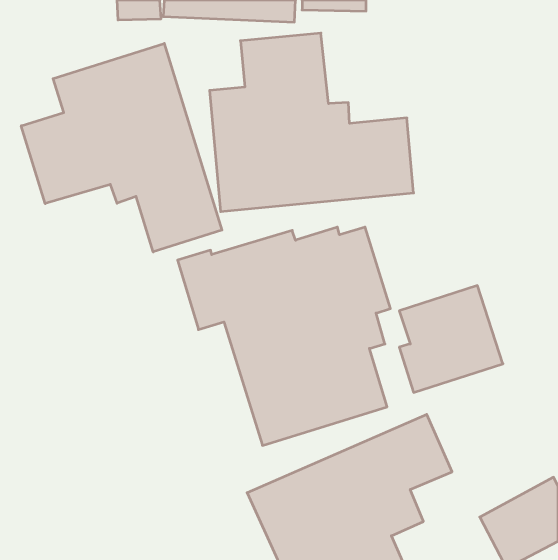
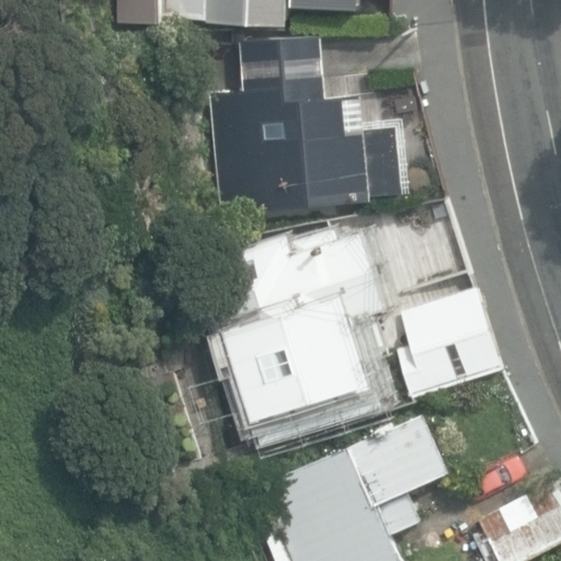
building: [21,43,222,252] -> none

